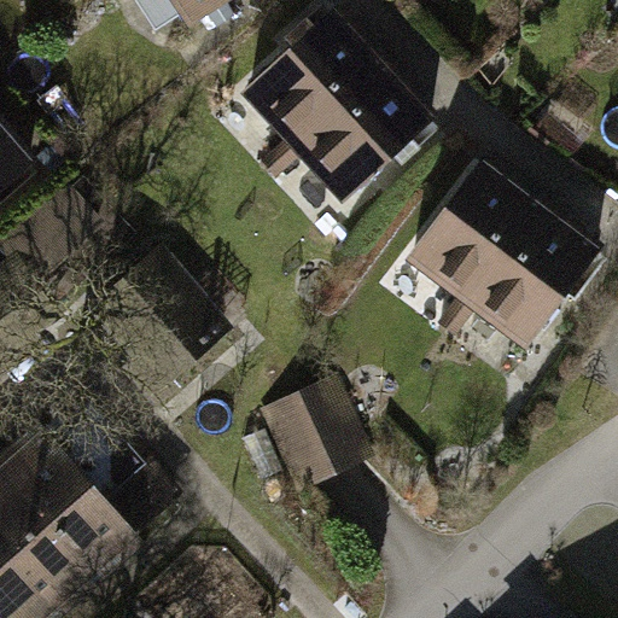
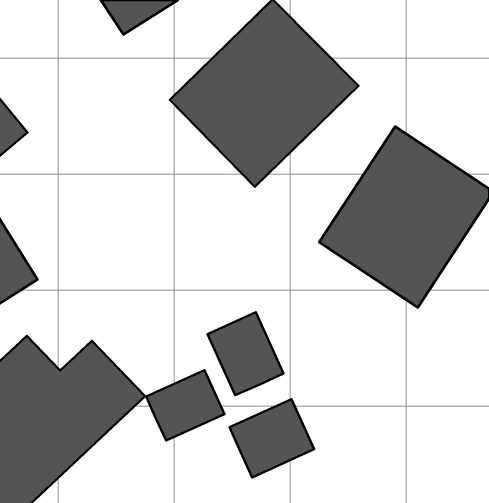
building: none -> [146,370,224,441]
building: none -> [229,399,314,477]

